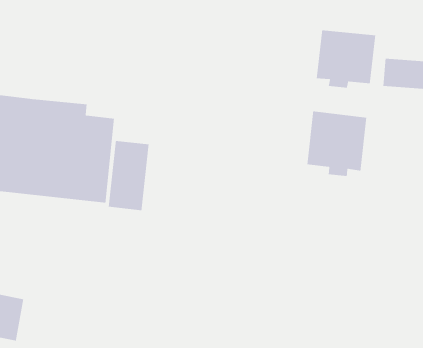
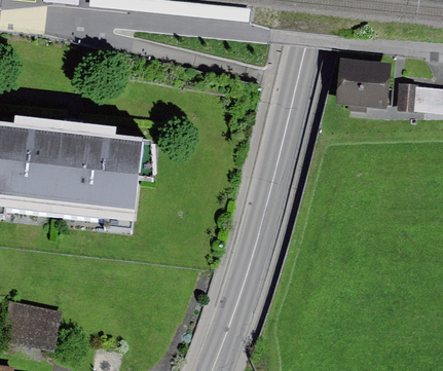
building: [307,111,367,177] -> none
building: [108,140,150,211] -> none

